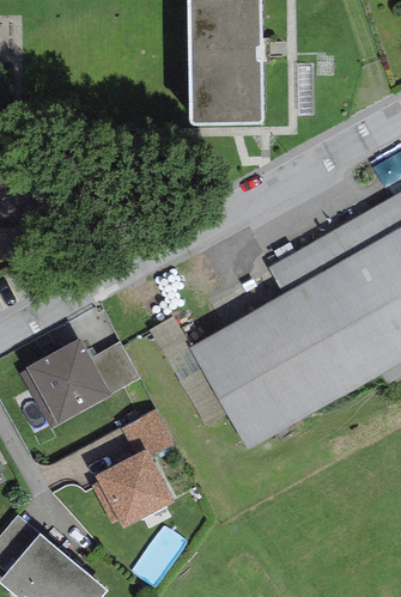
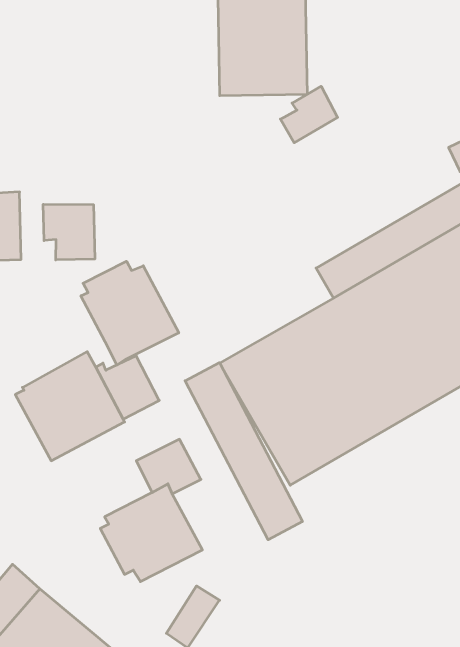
building: none -> [280,86,338,143]
building: none -> [43,204,95,260]
building: none -> [81,261,179,365]
building: none -> [185,363,302,540]

